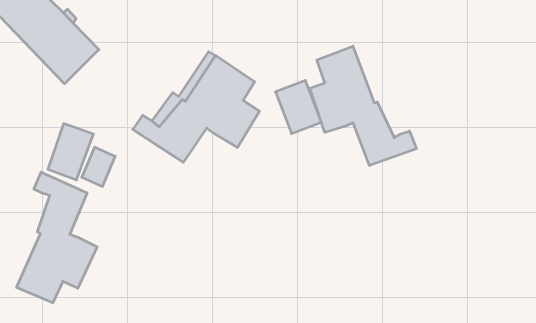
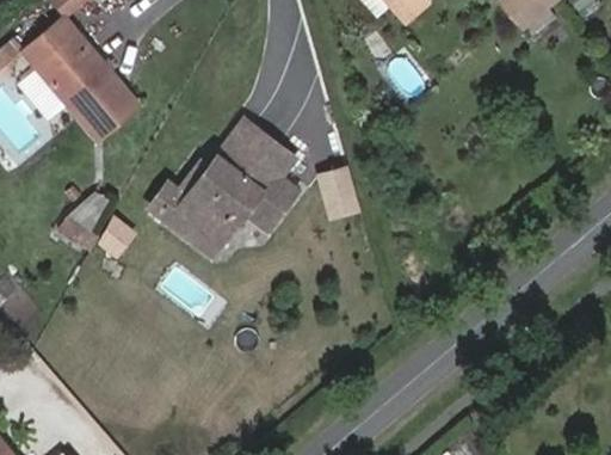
building: [310,46,416,166] -> none
building: none -> [156,197,251,252]
building: [17,172,97,303] -> none

